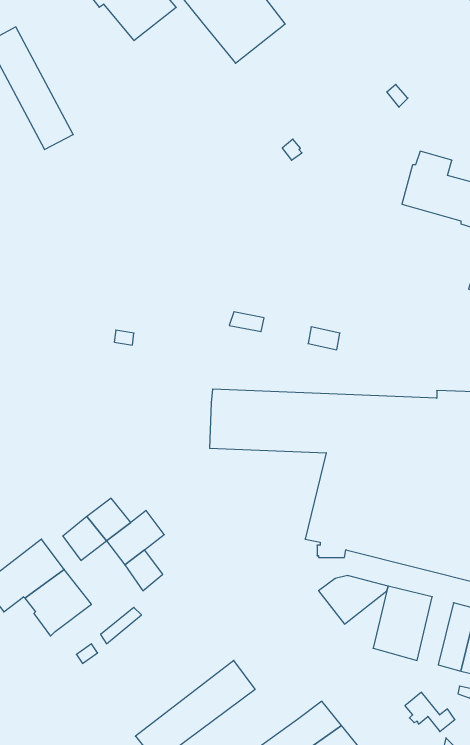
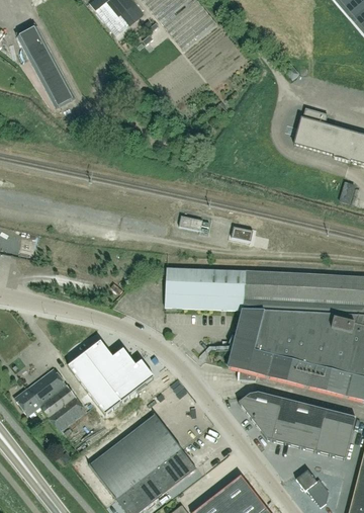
building: none -> [122,359,154,390]
building: none -> [80,367,121,413]
building: none -> [256,401,284,439]
building: none -> [304,405,329,450]
building: none -> [84,413,182,498]

